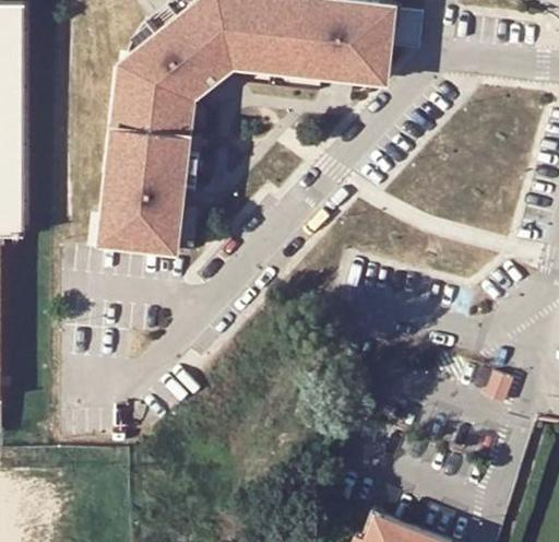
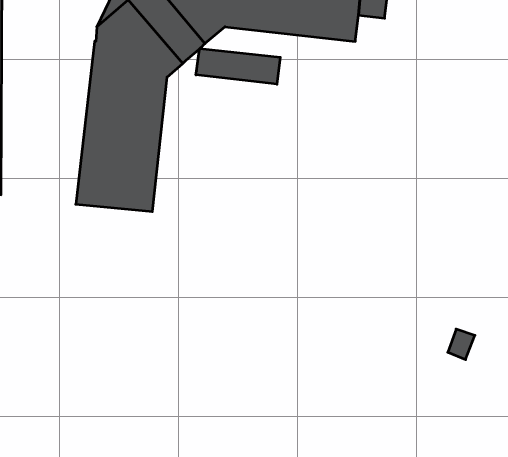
building: none -> [196,49,280,84]

